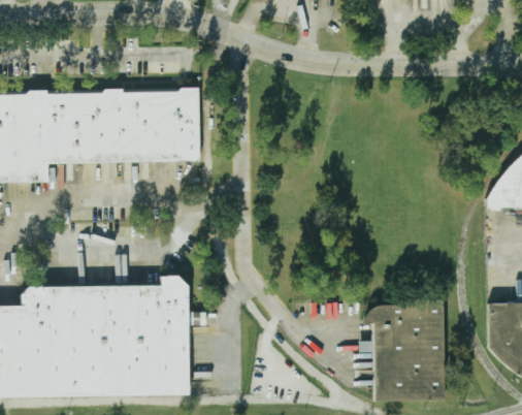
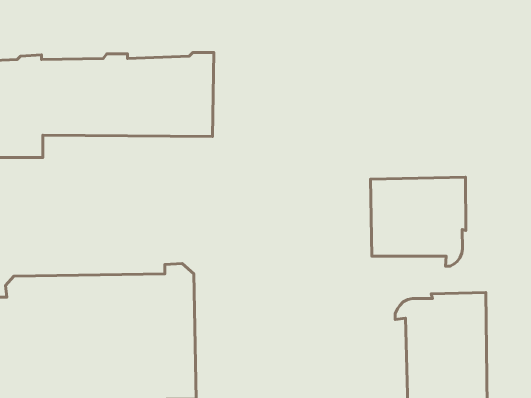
building: none -> [371,177,466,266]

